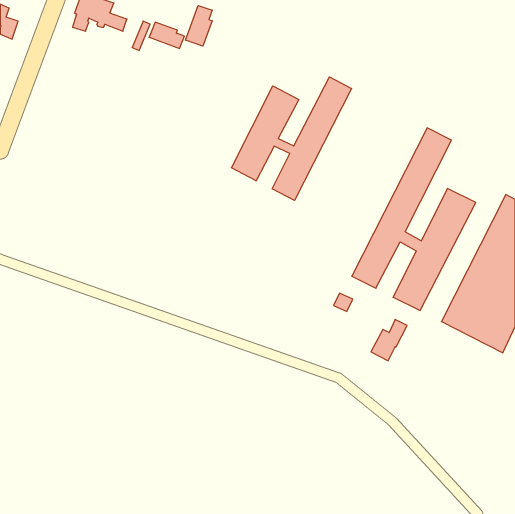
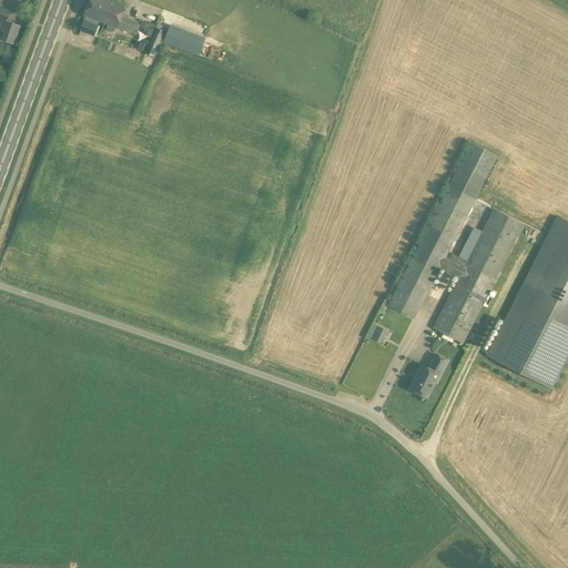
building: [186,6,212,46] -> none
building: [231,77,352,200] -> none

